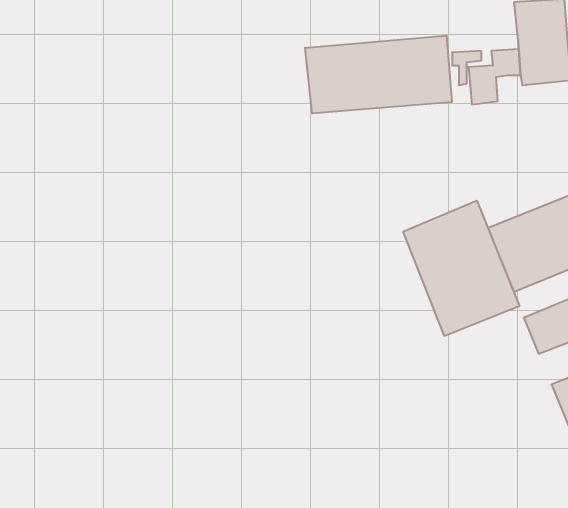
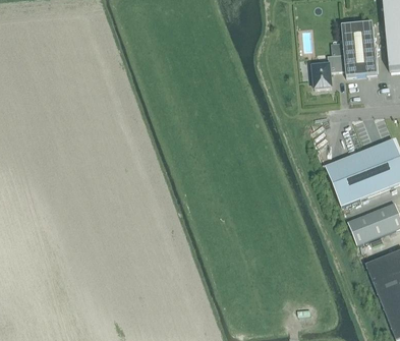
building: [305,35,452,114] -> none
building: [403,201,519,336] -> none

